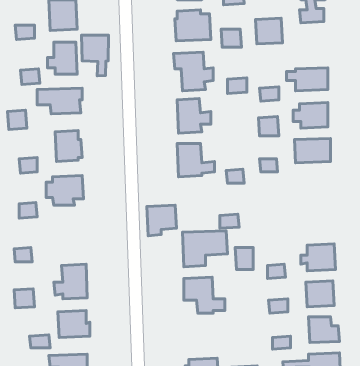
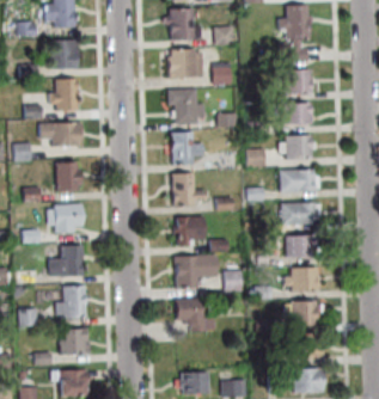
building: [255,18,282,44] -> [286,70,311,94]
building: [81,35,108,76] -> none
building: none -> [281,203,316,226]
building: [147,205,176,236] -> [177,217,204,246]
building: none -> [286,235,317,258]
building: none -> [49,245,84,277]

